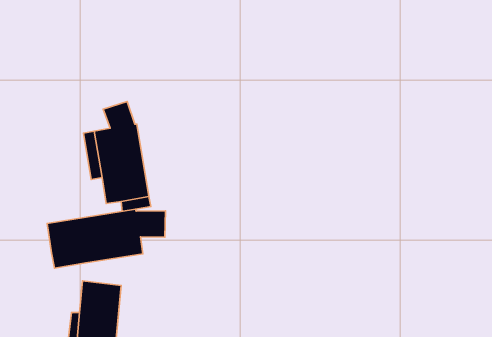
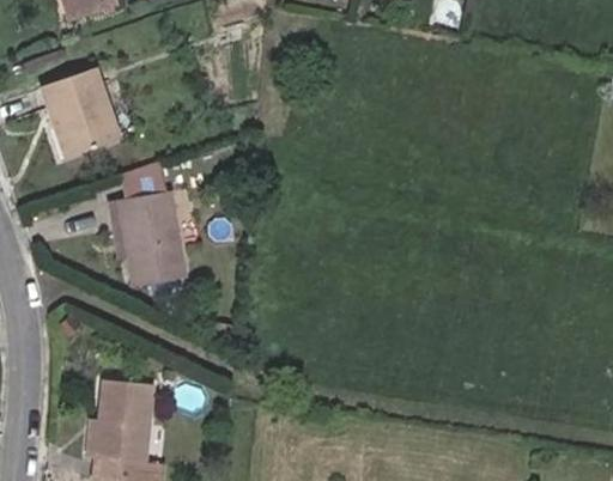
building: none -> [43,69,120,157]
building: [47,209,165,268] -> none

